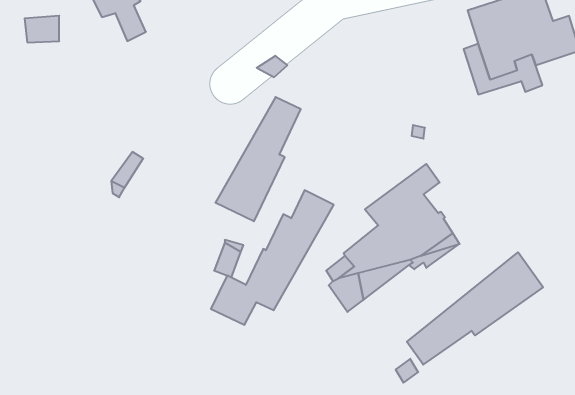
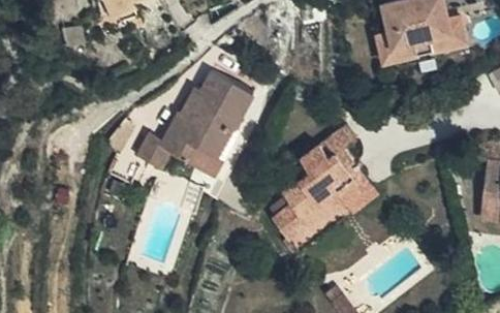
building: [211,190,334,325] -> [139,65,235,169]
building: [407,252,543,365] -> none

